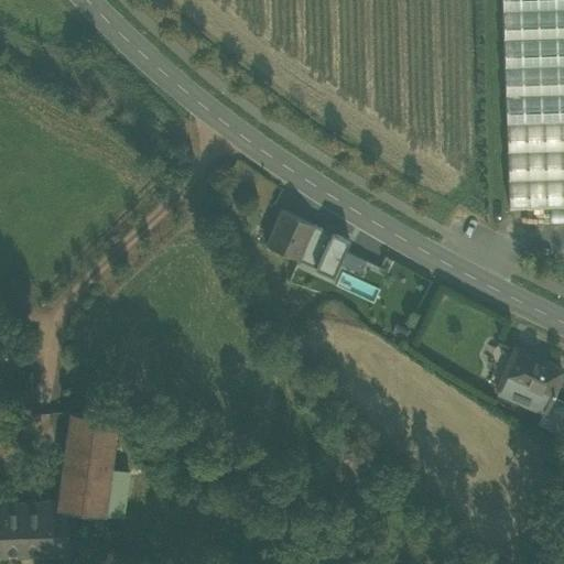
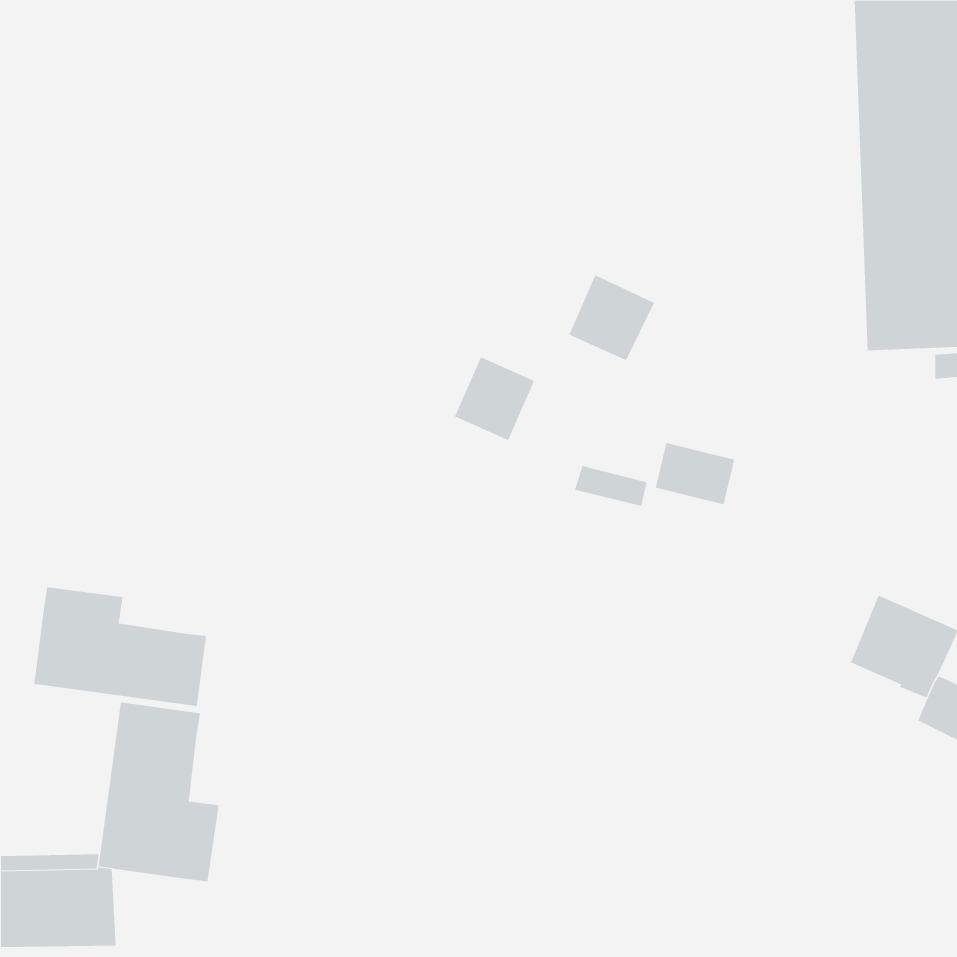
building: [300,225,350,275] -> [568,275,655,361]
building: none -> [655,442,735,505]
building: none -> [33,587,207,707]

